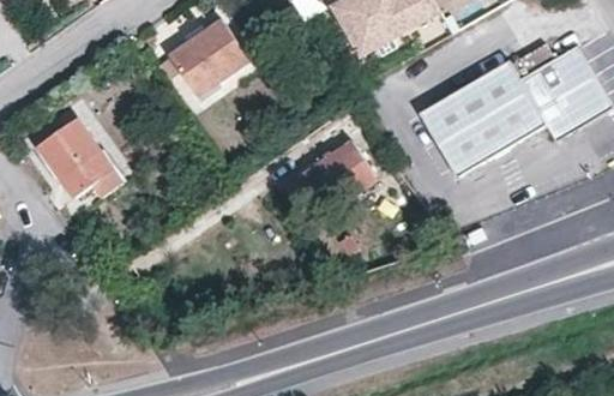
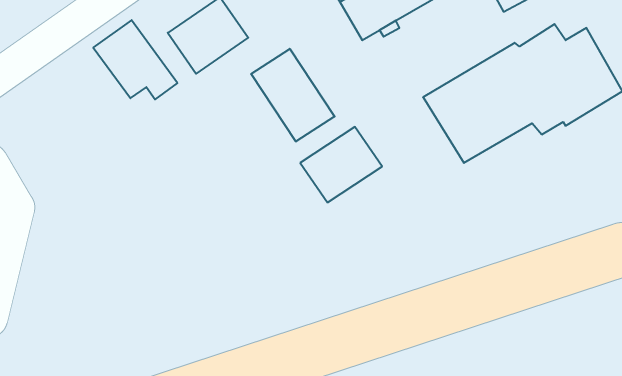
building: none -> [251,49,335,142]
building: [38,115,120,192] -> [93,20,177,99]

